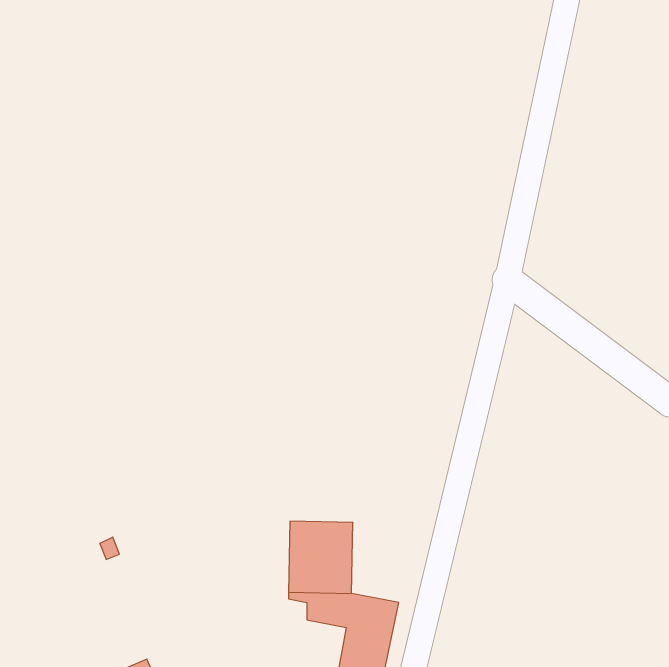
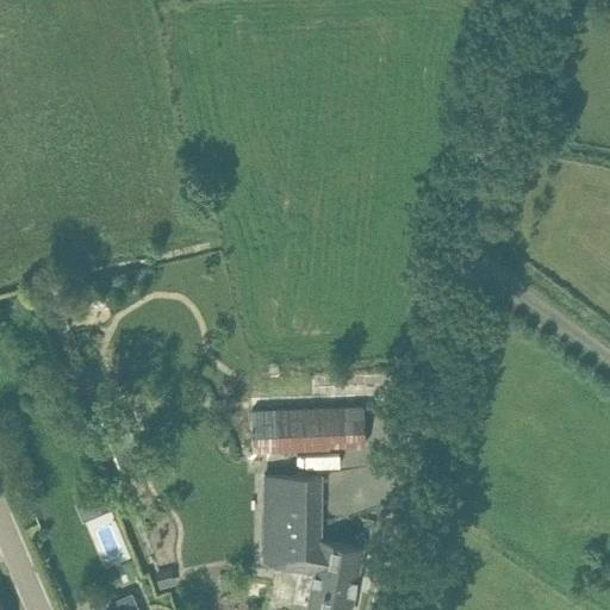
building: none -> [253,409,366,453]

